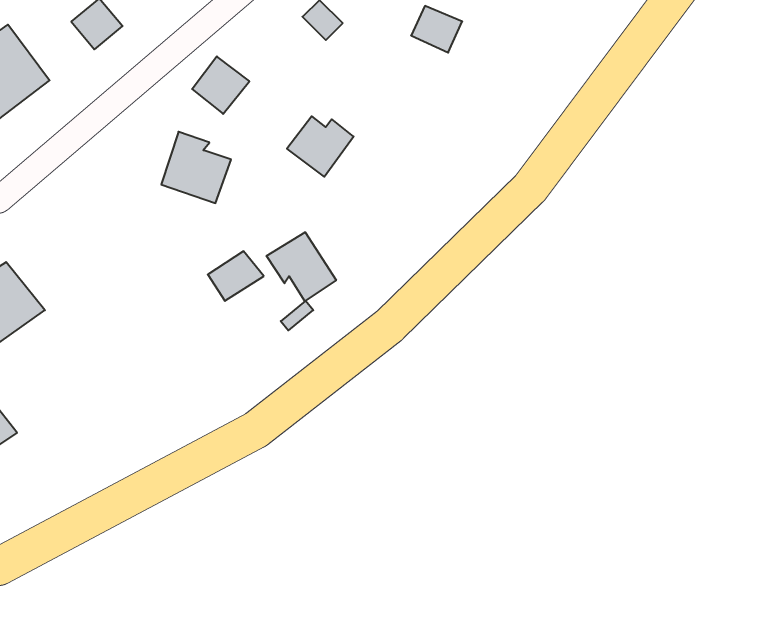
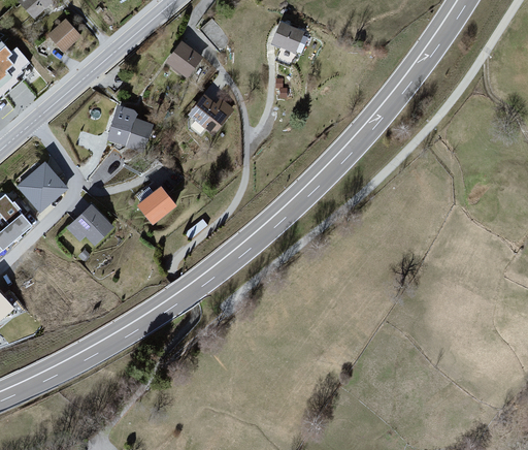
building: [192,56,249,114] -> [166,42,204,81]
building: none -> [18,160,65,210]
building: [267,232,336,301] -> none
building: none -> [67,206,113,246]

